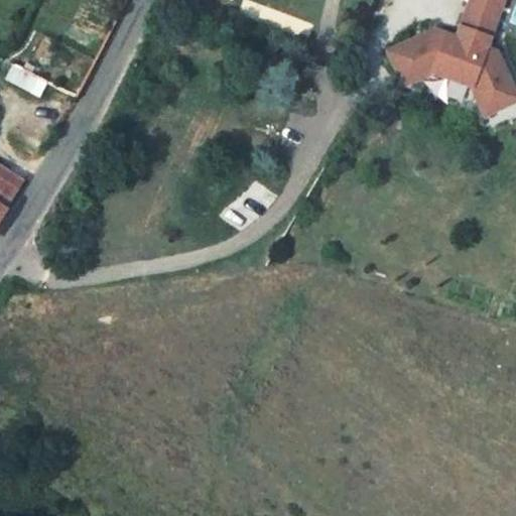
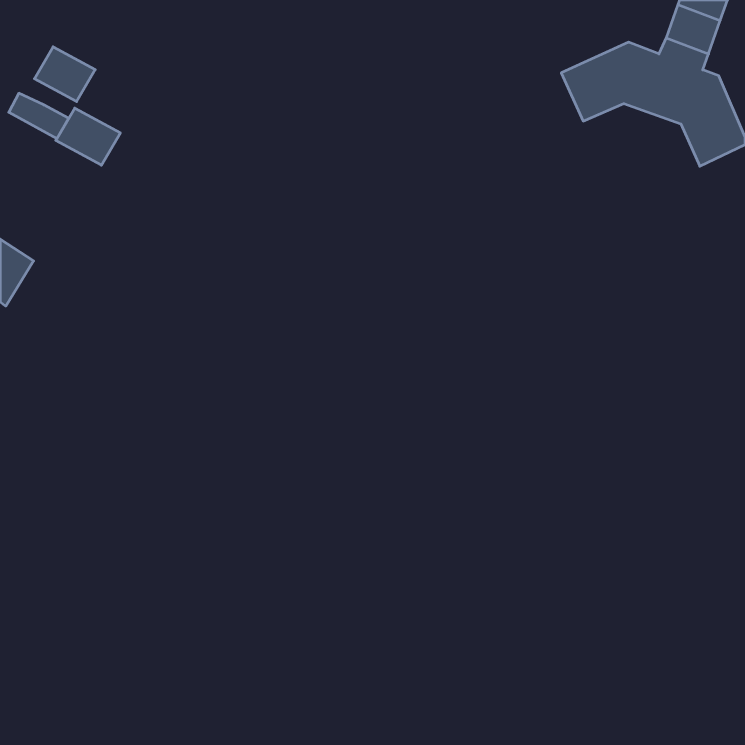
building: none -> [34,47,95,102]
building: none -> [56,108,120,165]

